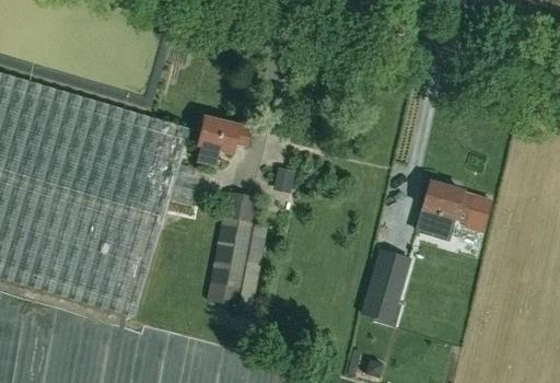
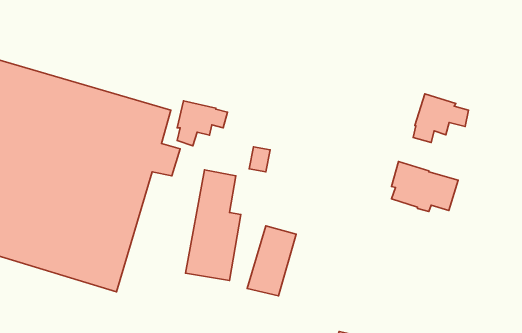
building: none -> [413,94,468,142]
building: [361,246,412,320] -> [247,226,296,296]

